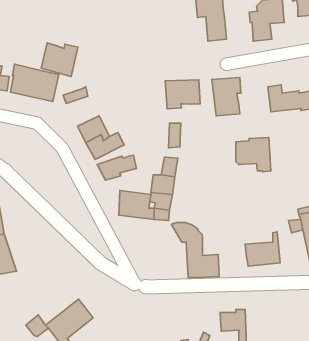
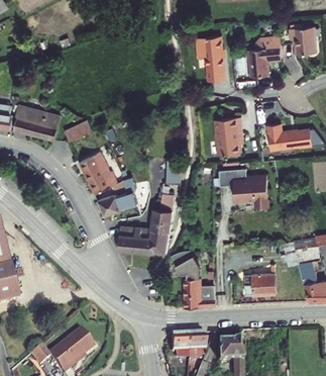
building: [41,43,78,77] -> none
building: [165,80,200,109] -> none
building: none -> [171,333,204,355]

